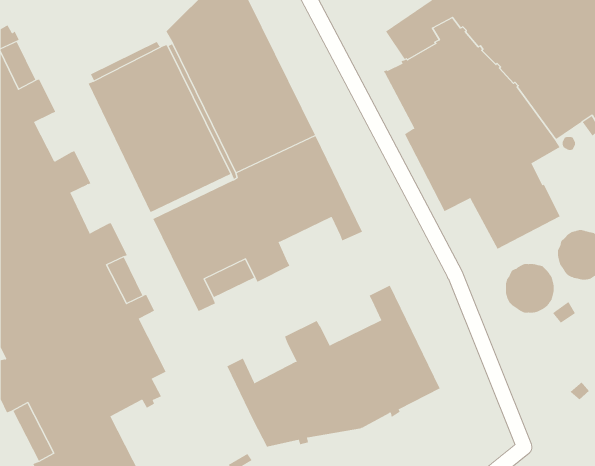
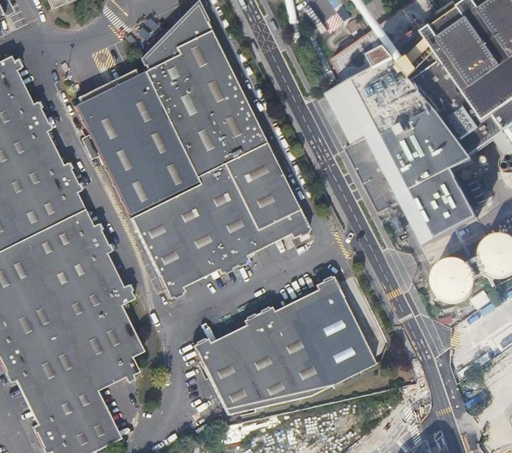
building: none -> [31,130,62,170]
building: none -> [62,190,93,231]
building: none -> [239,218,290,255]
building: none -> [274,288,325,326]
building: none -> [210,324,253,358]

